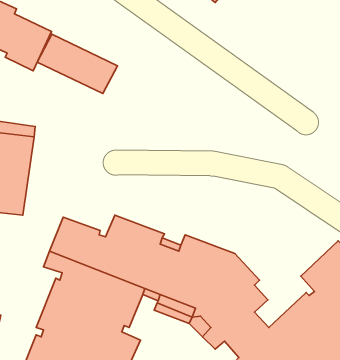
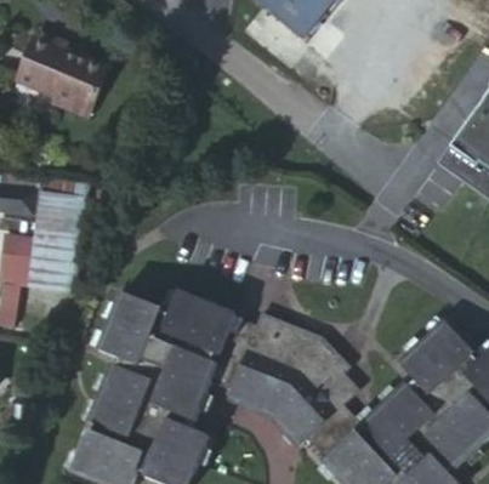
building: [37,34,118,94] -> none

